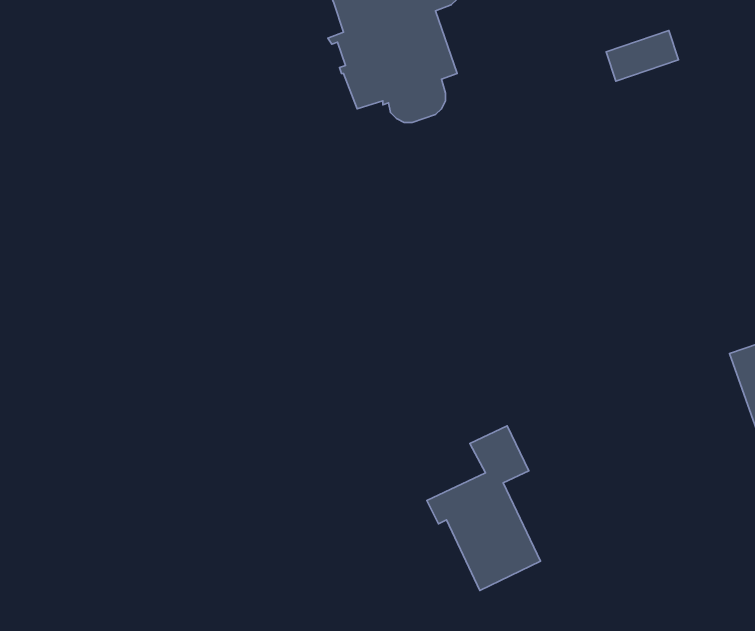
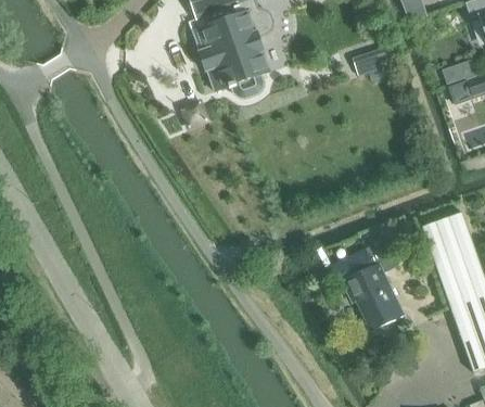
building: [427,426,540,591] -> [340,239,403,330]

